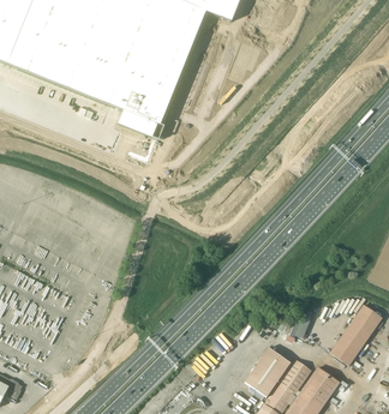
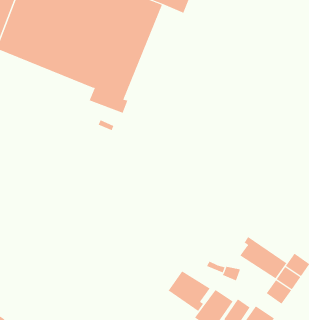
building: none -> [240,236,287,279]
building: none -> [168,271,210,312]

